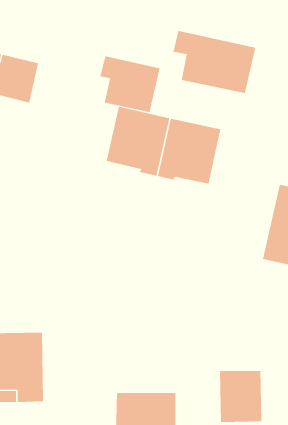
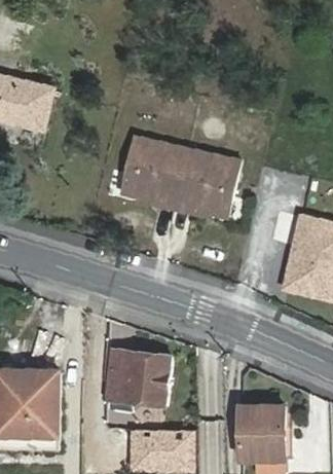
building: [173,30,256,94] -> none
building: [100,56,160,113] -> none
building: none -> [104,349,170,409]

